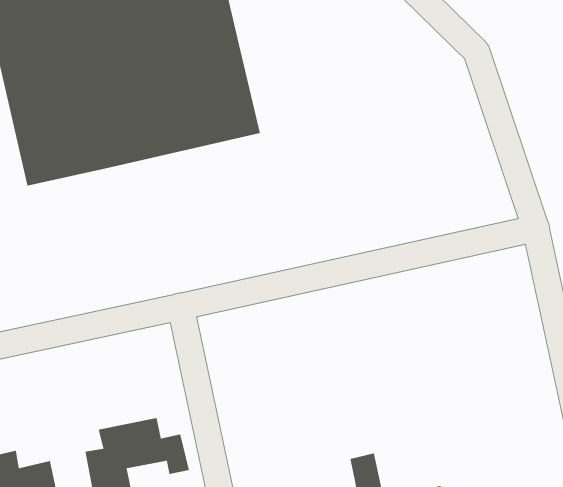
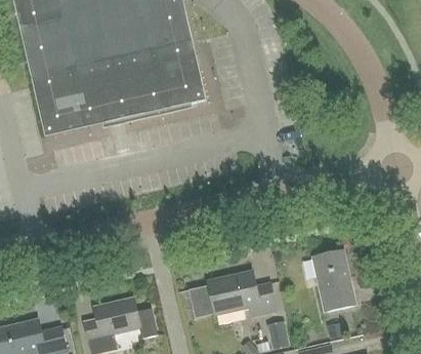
building: none -> [311,248,355,311]
building: none -> [187,270,277,315]

